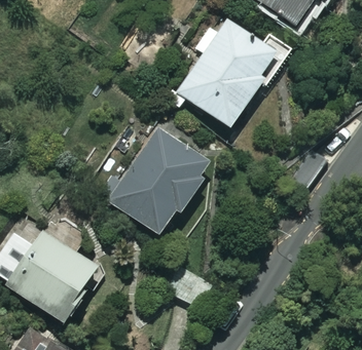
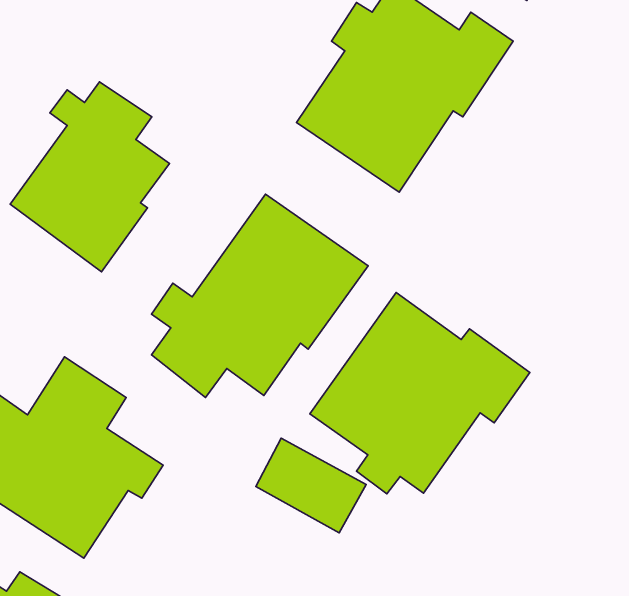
building: none -> [10,82,170,272]
building: none -> [310,293,530,494]

